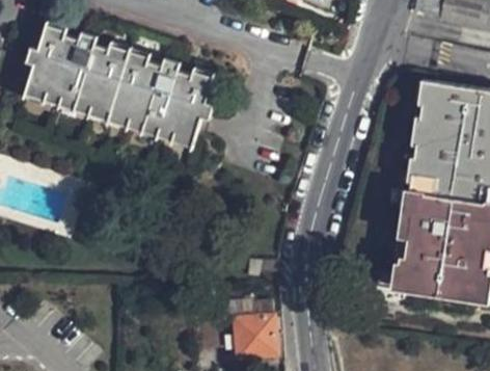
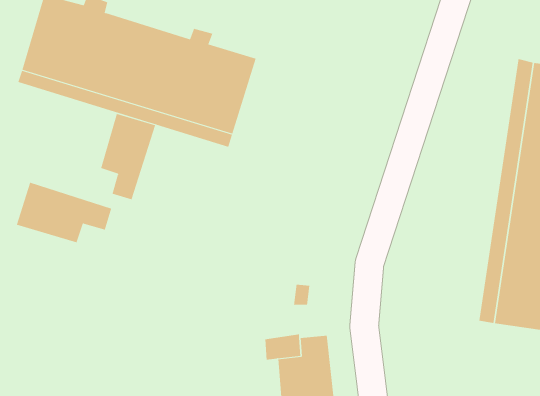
building: none -> [100,113,156,200]
building: none -> [16,182,112,243]

